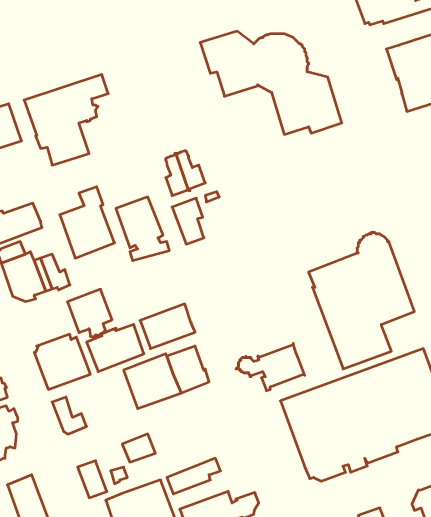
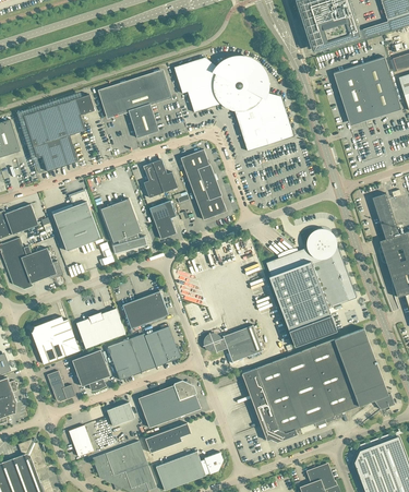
building: none -> [98,70,170,137]
building: none -> [180,149,226,219]
building: [67,289,112,336] -> [71,349,109,389]
building: none -> [137,380,200,428]

